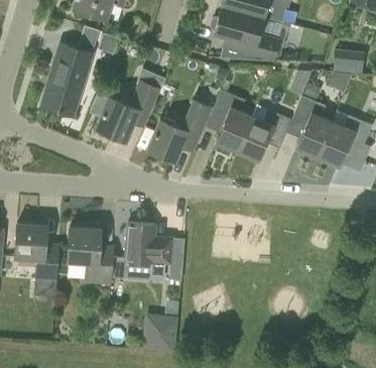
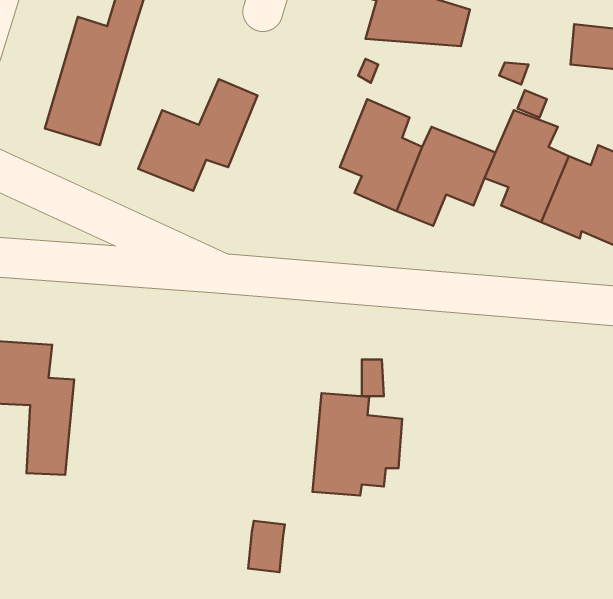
building: [148,99,213,160] -> none
building: [123,223,172,279] -> [312,393,402,496]
building: [68,226,112,285] -> none

